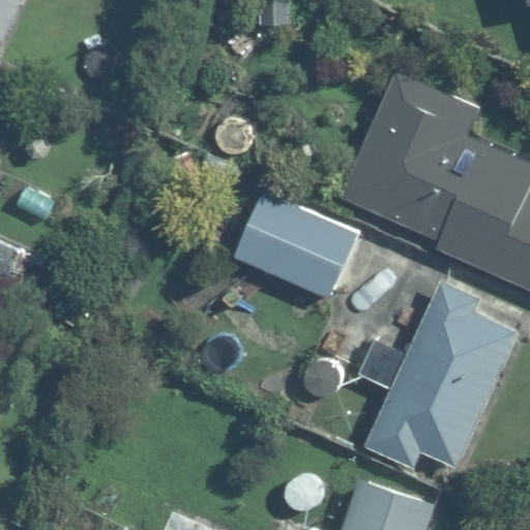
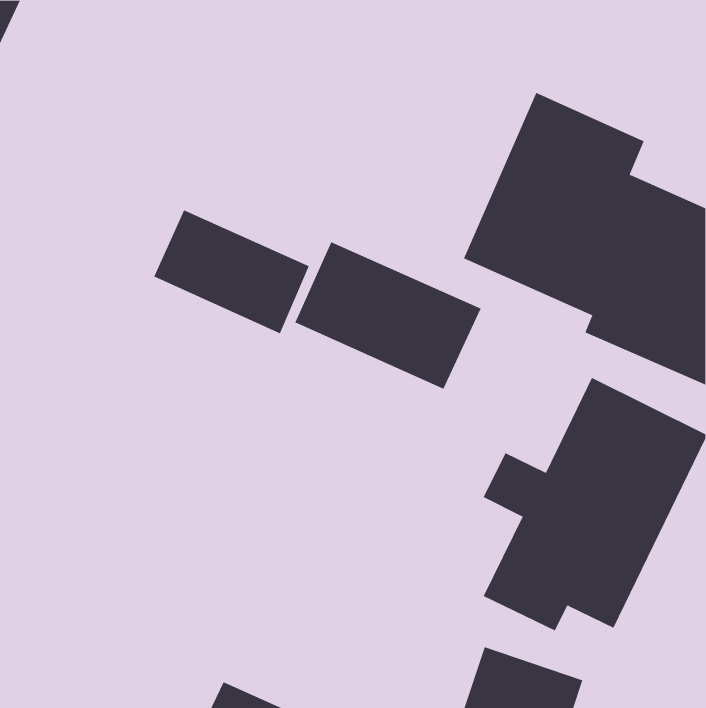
building: none -> [154,209,310,334]

